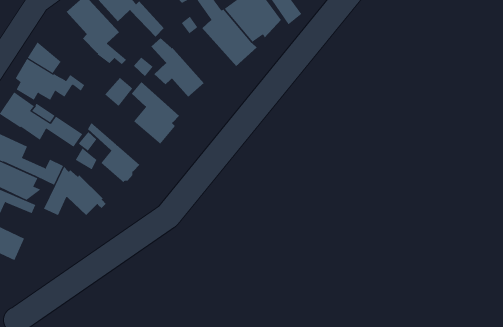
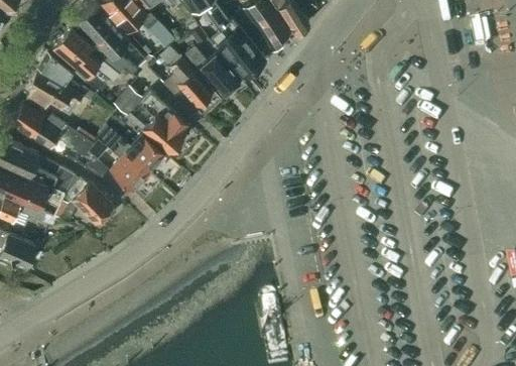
building: none -> [50,24,120,84]
building: none -> [184,47,240,96]
building: none -> [101,126,165,174]

